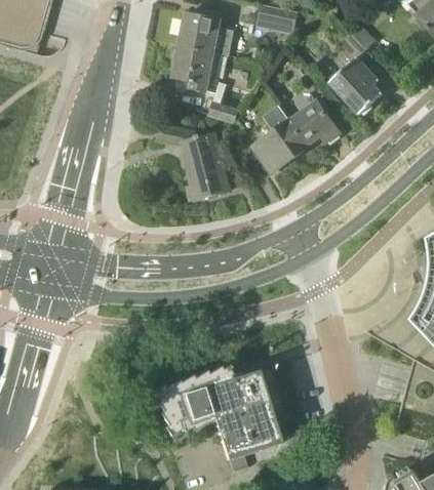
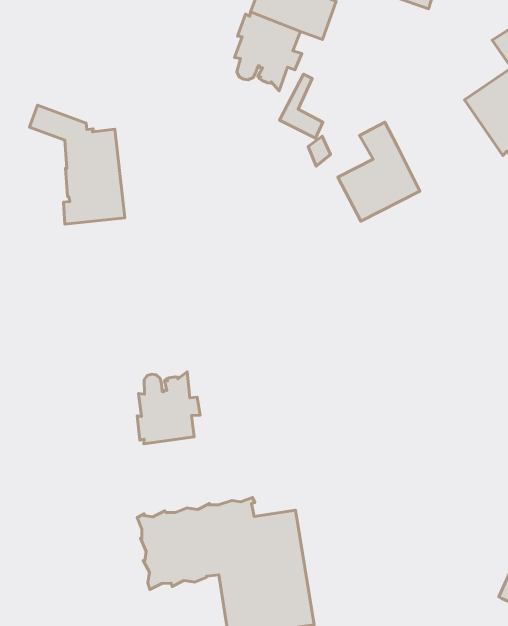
building: [288,100,340,147] -> none
building: [158,124,230,200] -> [30,105,125,224]
building: none -> [137,372,200,444]

